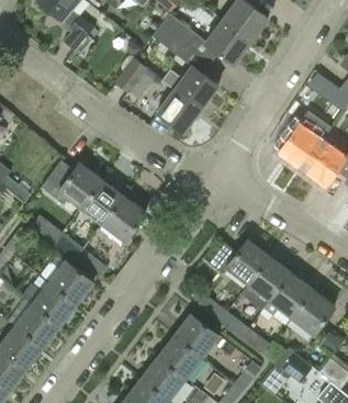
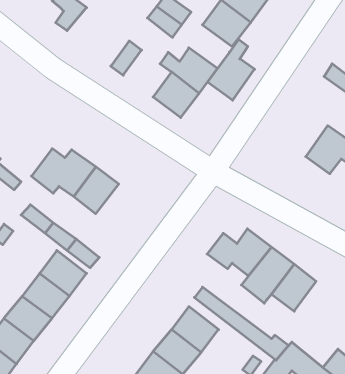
building: [279,112,324,170] -> [208,39,255,100]
building: [102,197,146,242] -> none
building: [292,290,335,335] -> none

